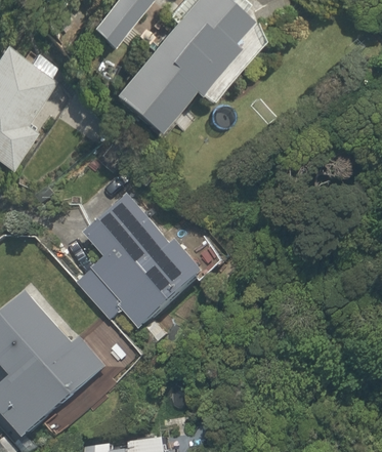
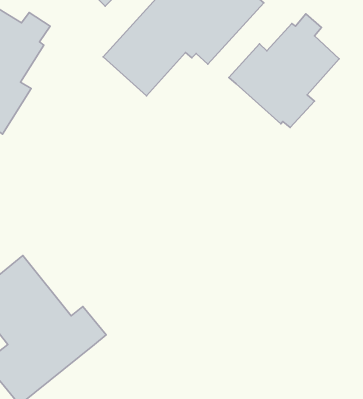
building: none -> [229,14,339,128]
building: [78,197,204,329] -> none

